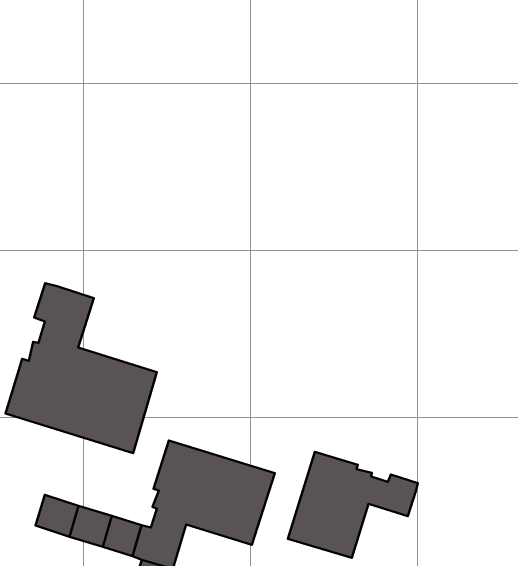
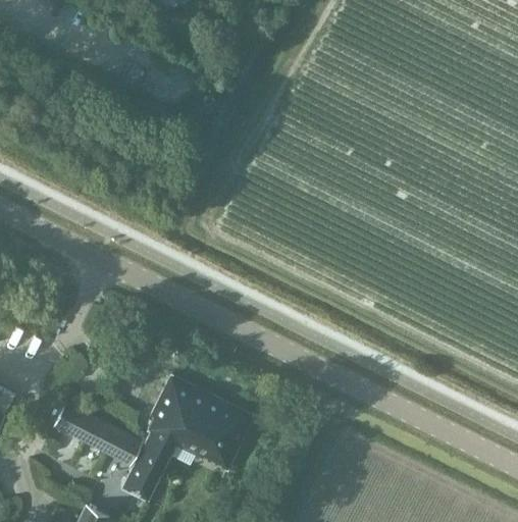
building: [6,283,157,453] -> none
building: [288,452,418,558] -> none

